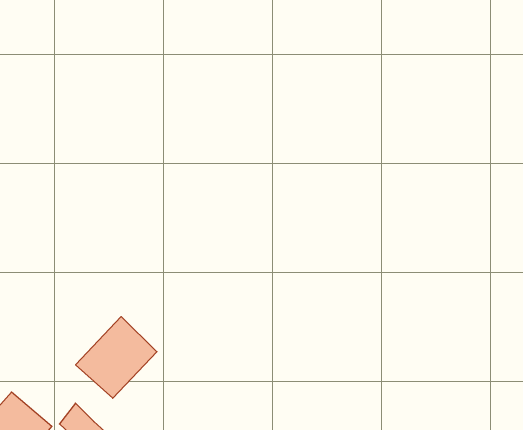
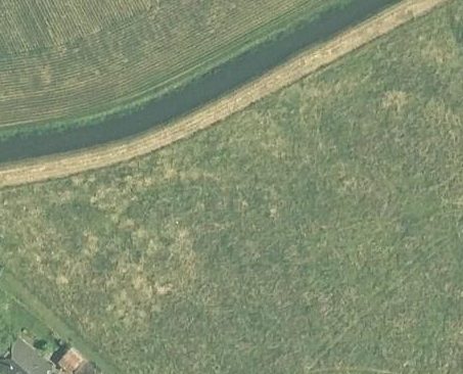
building: [76,317,157,398] -> none

